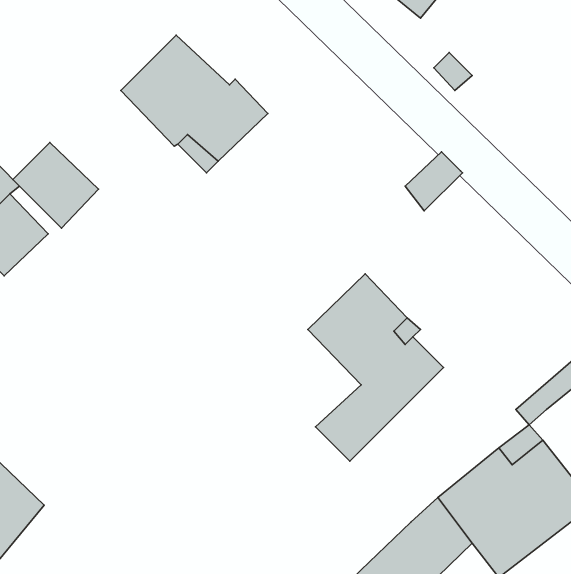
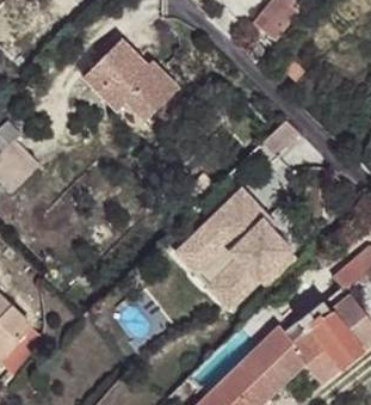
building: [13,143,98,228] -> none
building: none -> [174,226,235,287]

